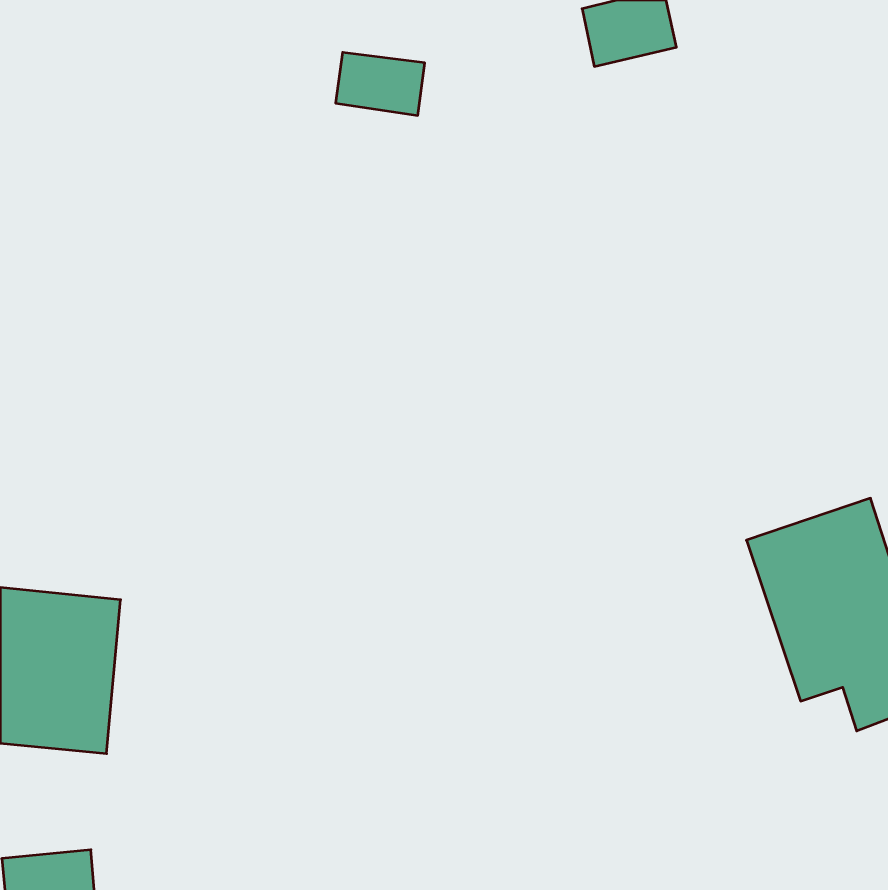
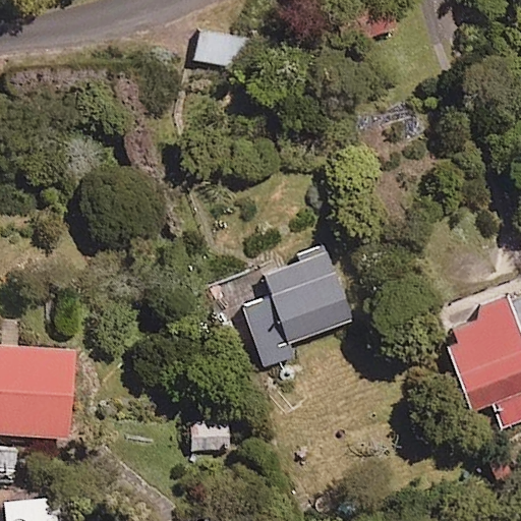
building: none -> [242,249,352,368]

